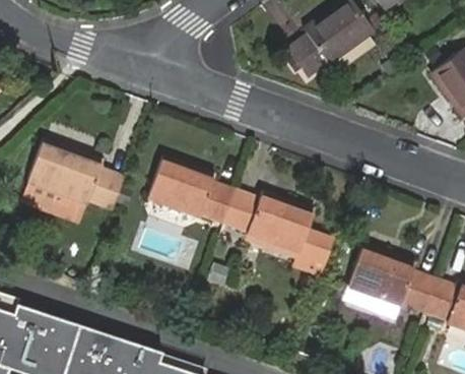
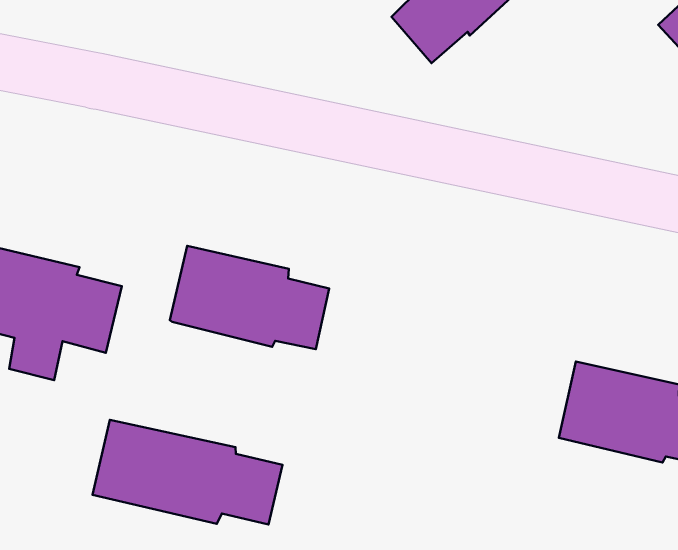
building: [225,192,332,269] -> none
building: none -> [92,420,283,524]

